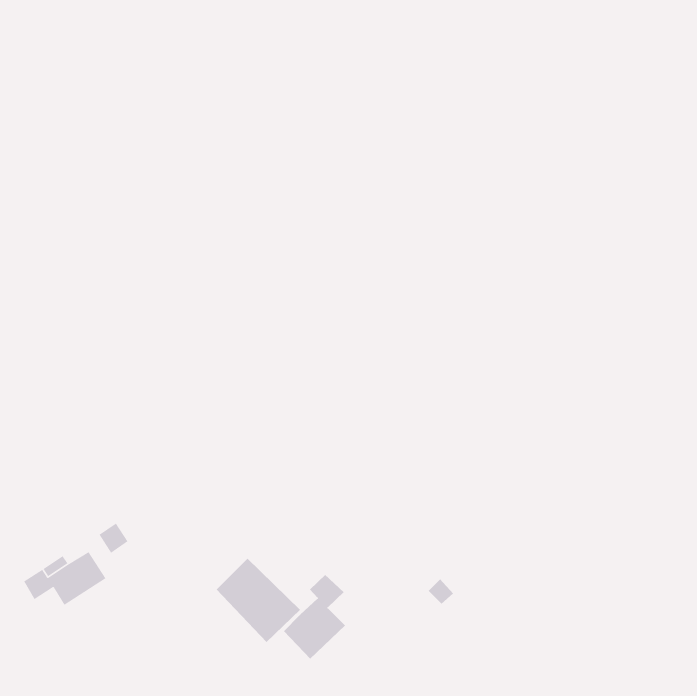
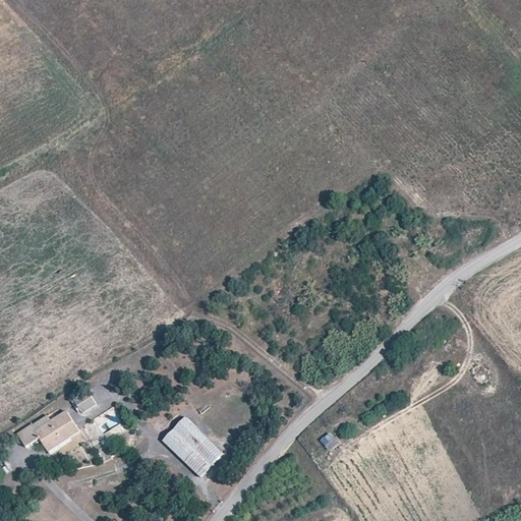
building: [283,574,346,660] -> none

